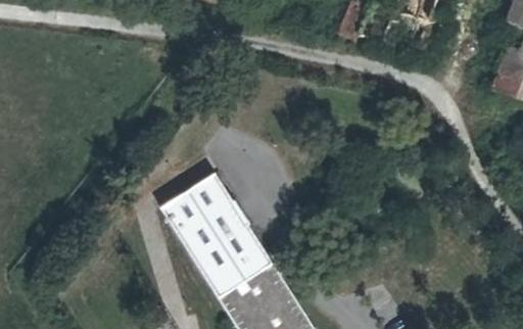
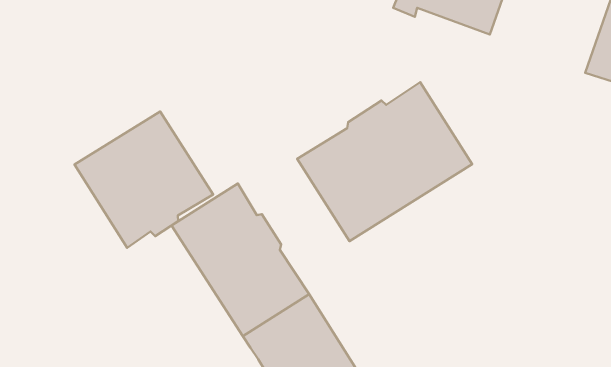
building: none -> [297,82,472,241]
building: none -> [74,111,213,248]

